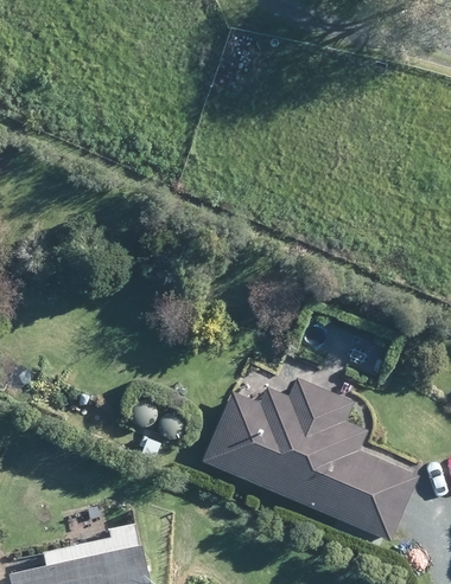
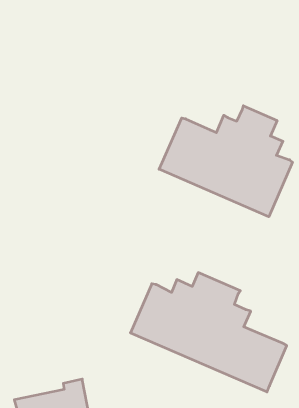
building: none -> [159,106,292,217]

